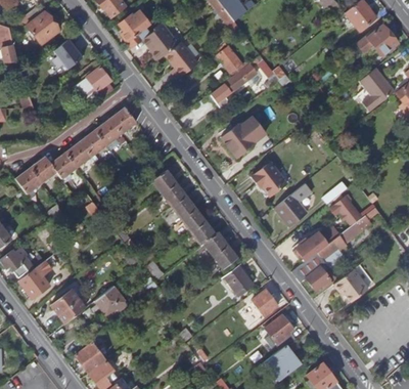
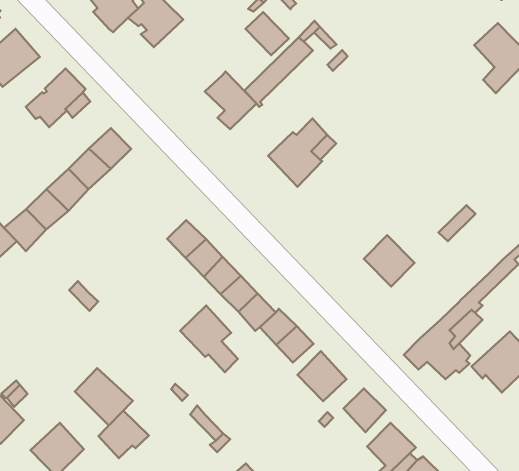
building: [165,42,196,79] -> [205,71,256,129]
building: [251,161,287,196] -> none
building: [331,197,362,226] -> none
building: none -> [180,305,238,372]
building: [299,229,331,262] -> none
building: none -> [75,368,133,426]

